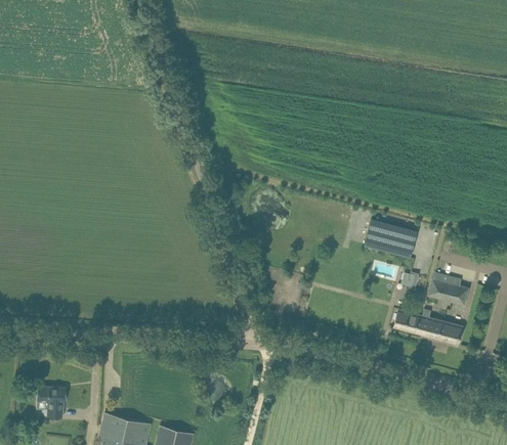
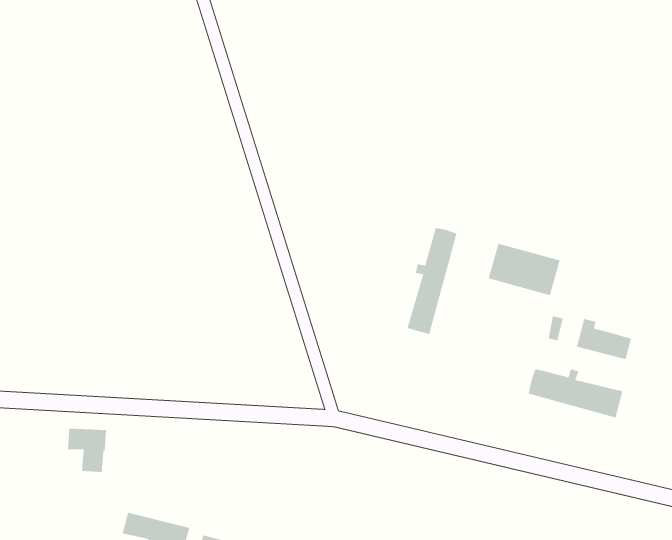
building: none -> [407,227,457,335]
building: [37,386,66,417] -> [67,428,107,472]

